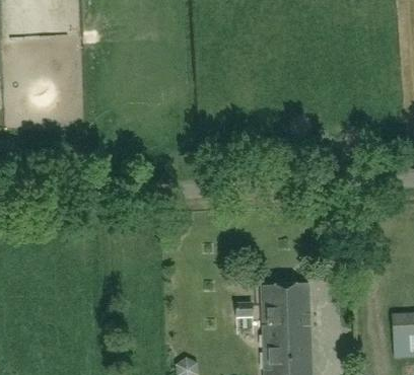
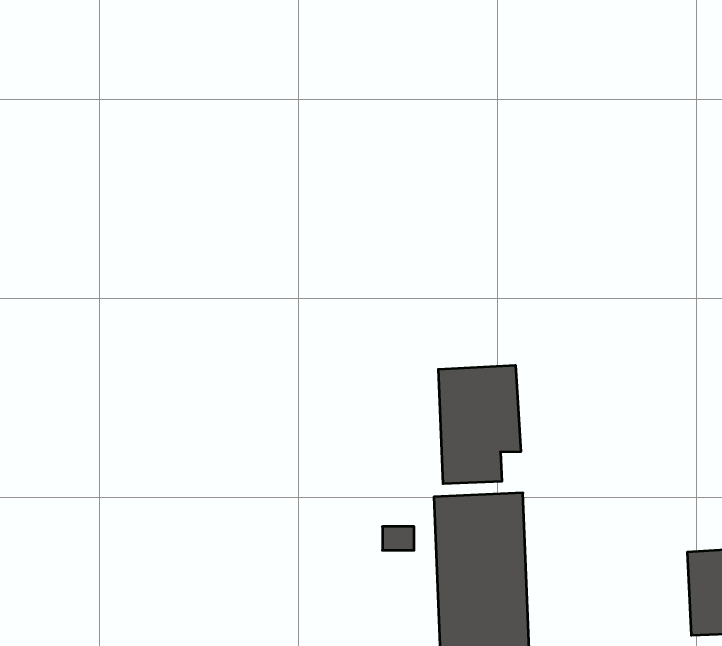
building: none -> [438,365,521,484]

